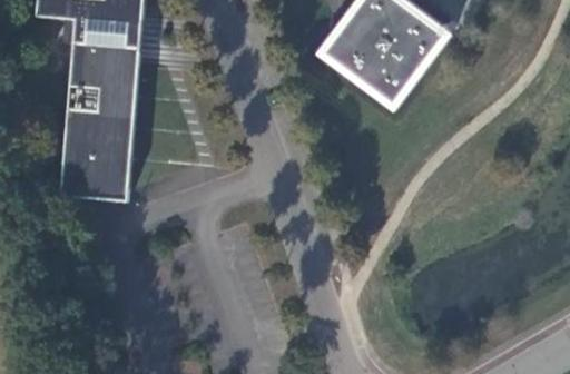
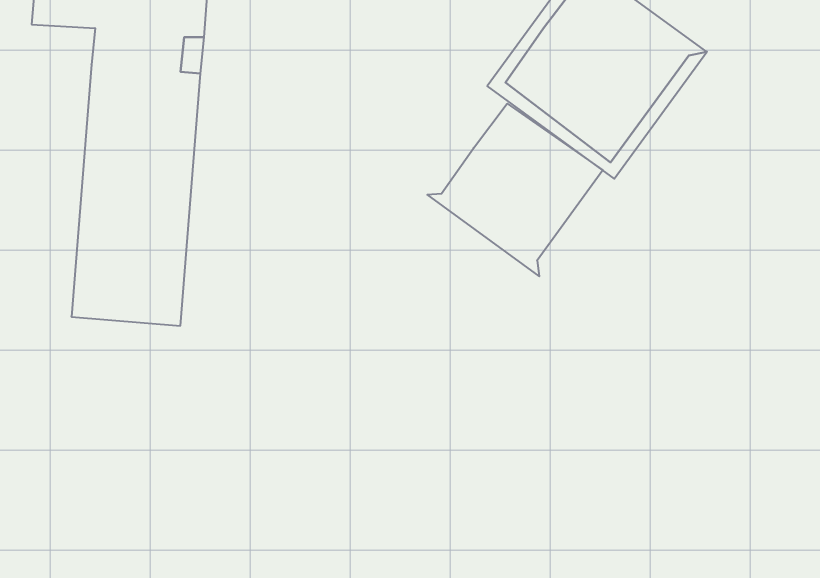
building: none -> [427,104,603,276]

